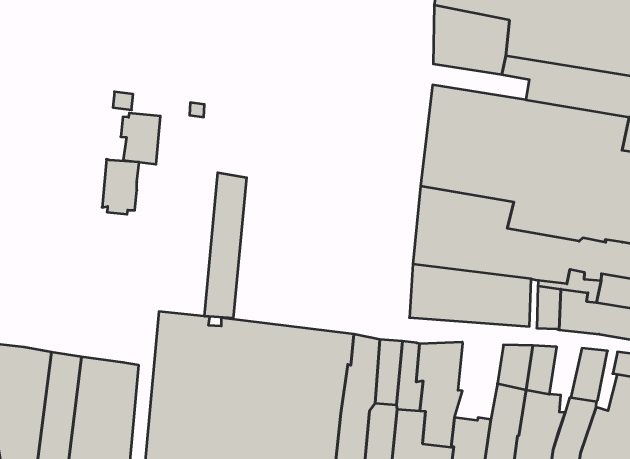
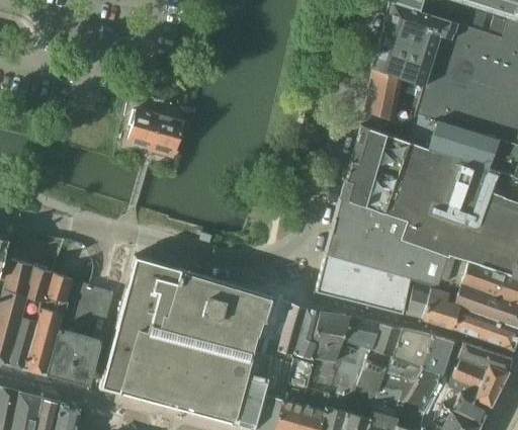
building: [102,159,139,214] -> [153,115,185,158]
building: [205,173,247,318] -> none
building: none -> [338,318,382,376]
building: none -> [410,332,439,380]

